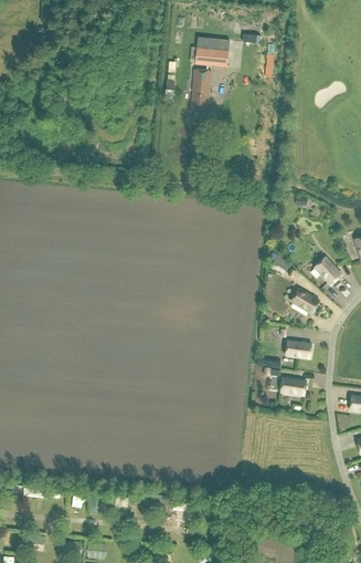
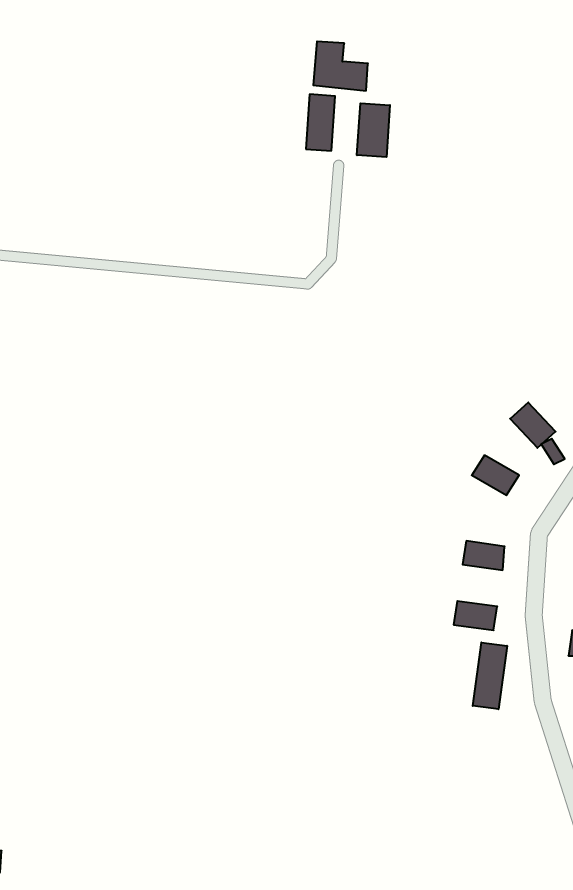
building: none -> [357,103,390,157]
building: none -> [473,642,507,709]

